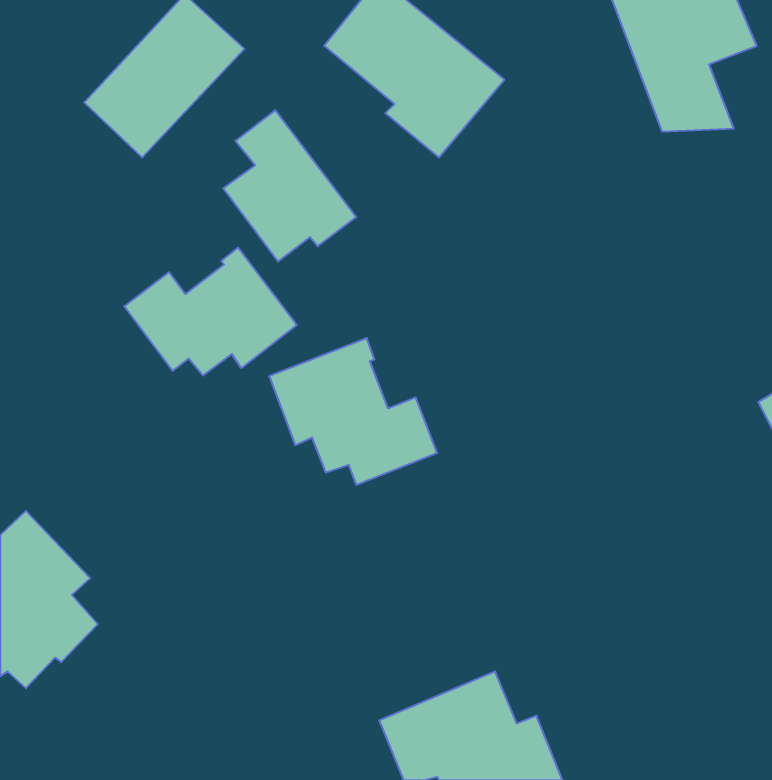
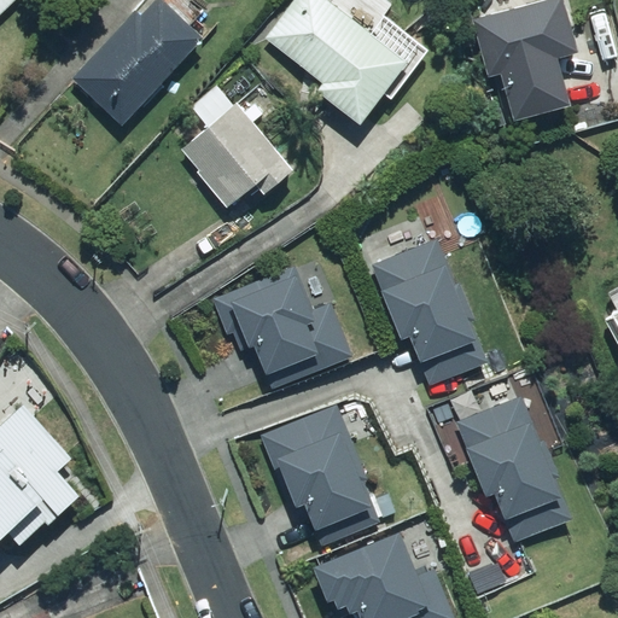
building: [124,248,297,376] -> none
building: none -> [366,214,488,384]
building: none -> [455,393,573,541]
building: none -> [261,407,372,532]

